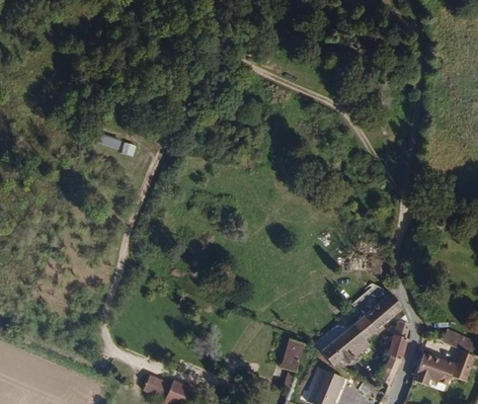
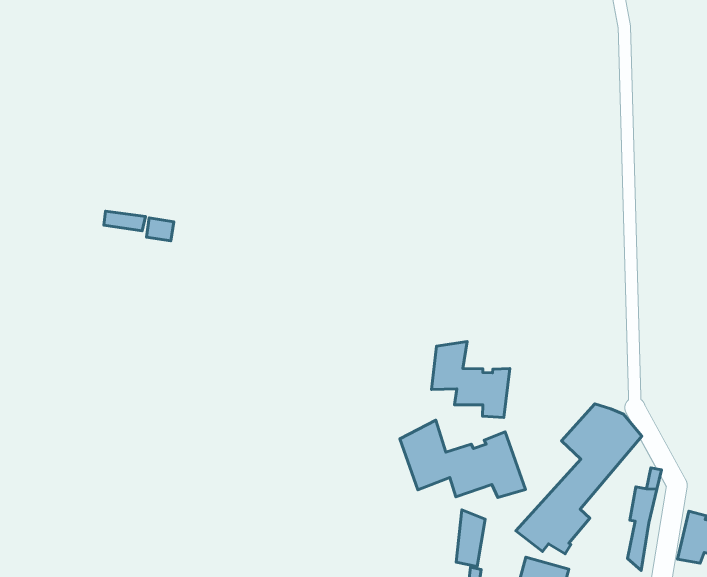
building: none -> [431,342,510,417]
building: none -> [400,420,525,497]

